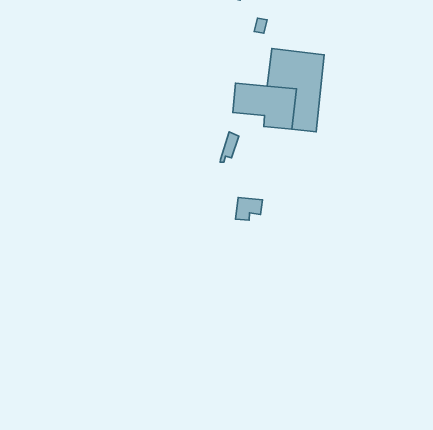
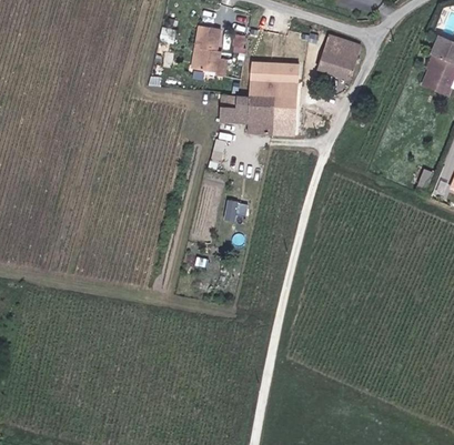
building: none -> [195,26,228,75]
building: none -> [317,34,361,79]

